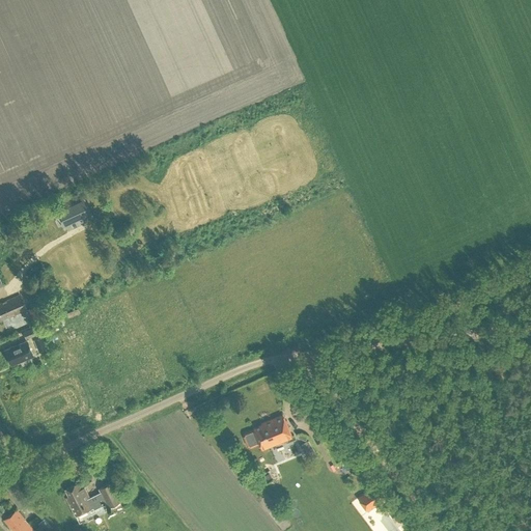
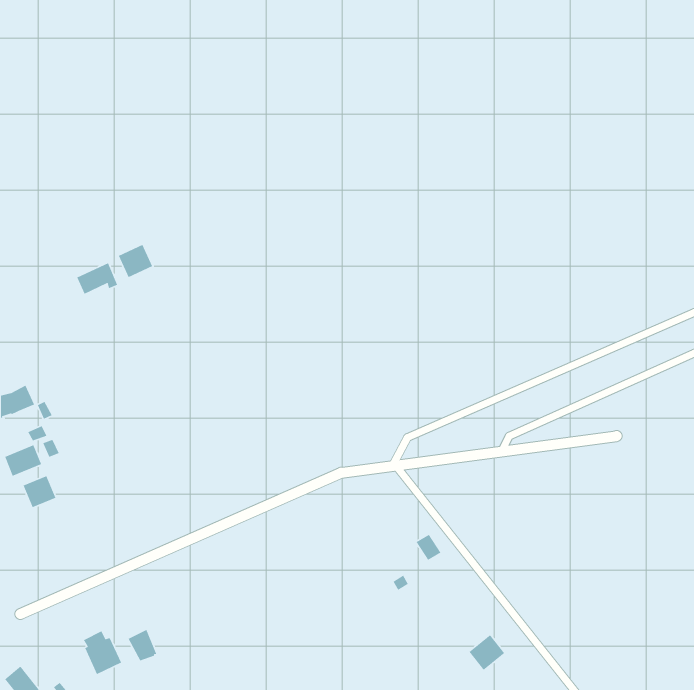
building: none -> [118,244,153,278]
building: none -> [23,475,57,508]
building: [244,416,291,450] -> none

